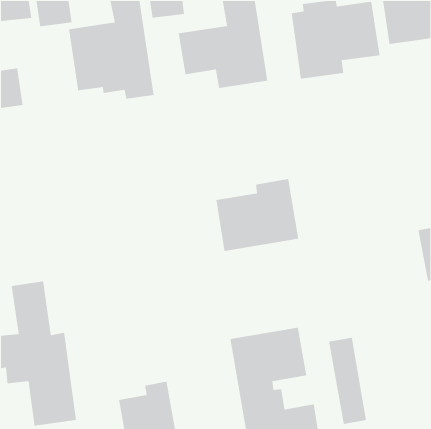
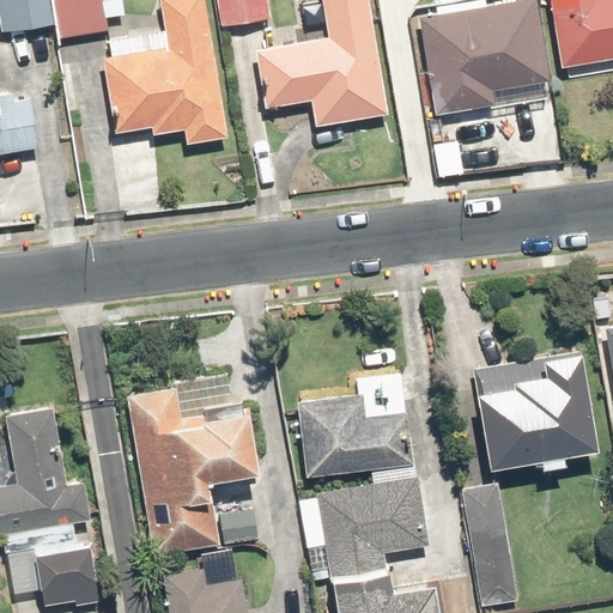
building: [216,178,299,252] -> [303,368,421,472]
building: none -> [453,359,589,471]
building: none -> [133,366,267,550]

